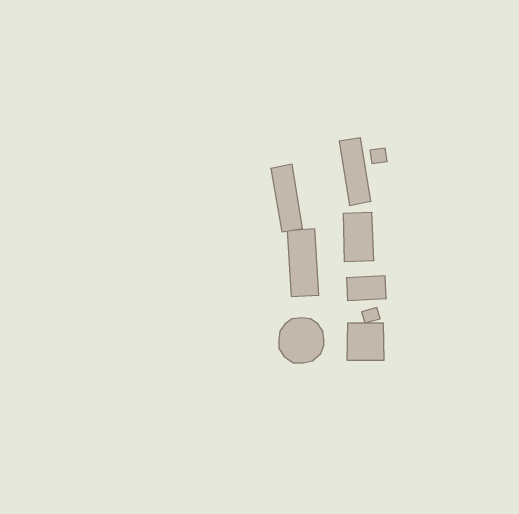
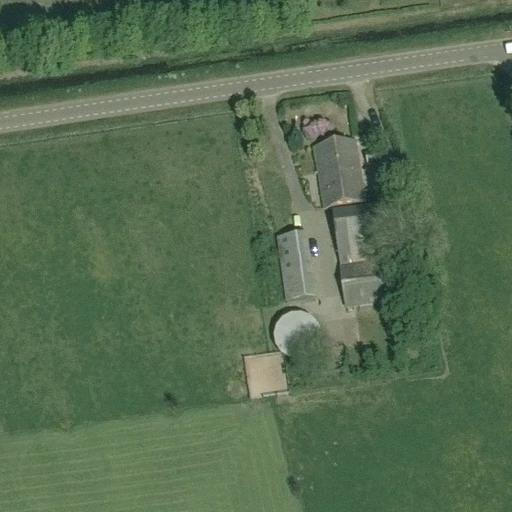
building: [271,164,302,232] -> [311,138,342,204]
building: [347,323,384,360] -> none

